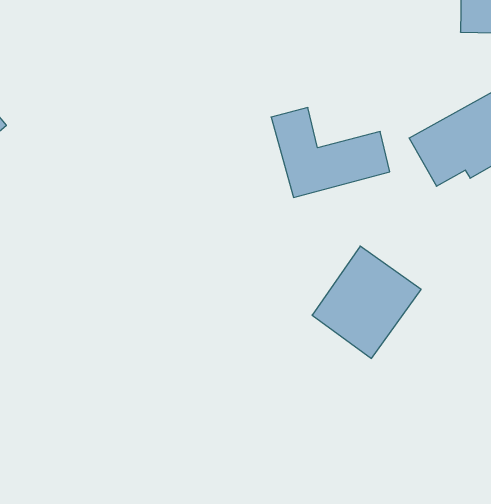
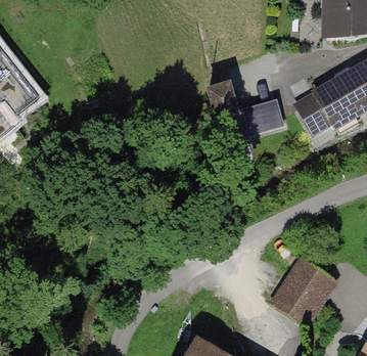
building: [312,246,421,358] -> [271,253,340,324]

